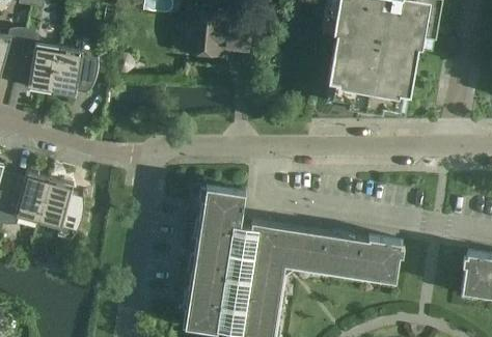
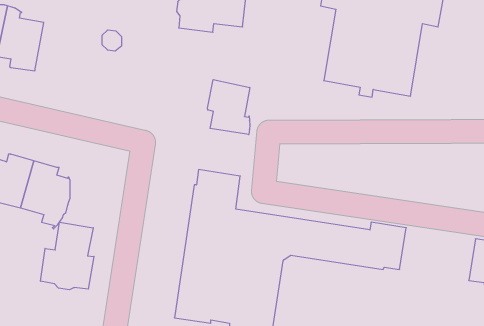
building: [51,43,99,97] -> none
building: none -> [207,80,250,135]
building: none -> [41,222,94,290]

